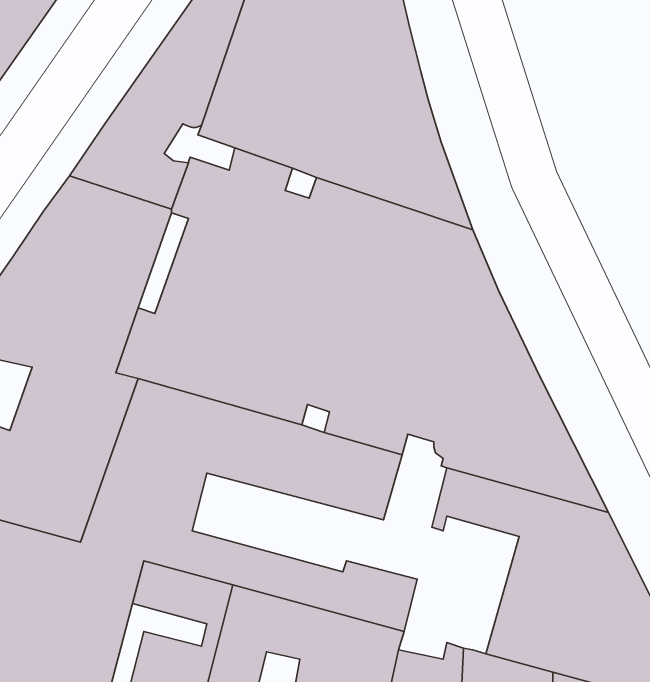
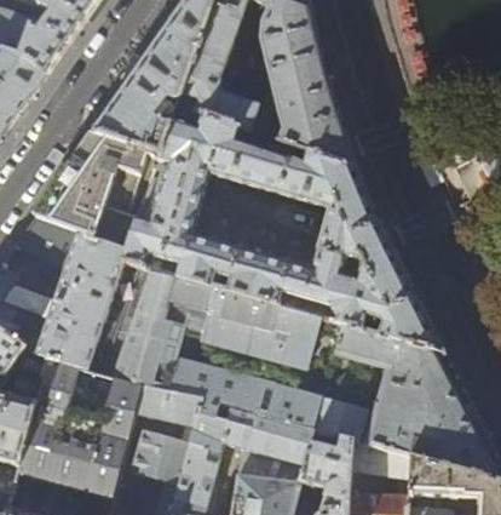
building: none -> [310,396,364,442]

